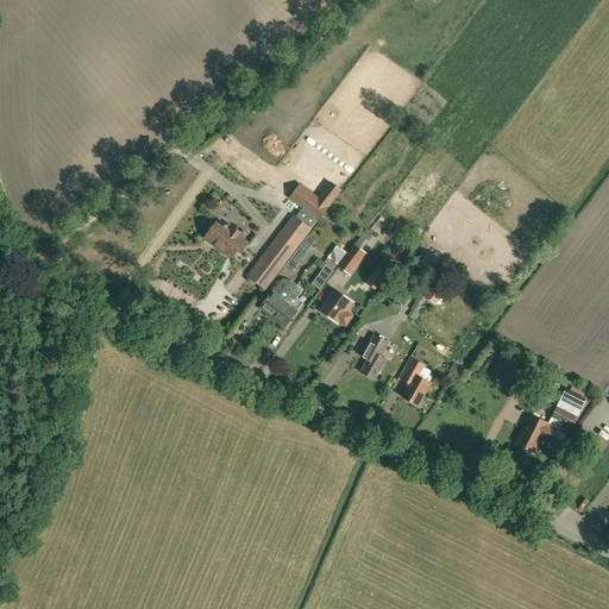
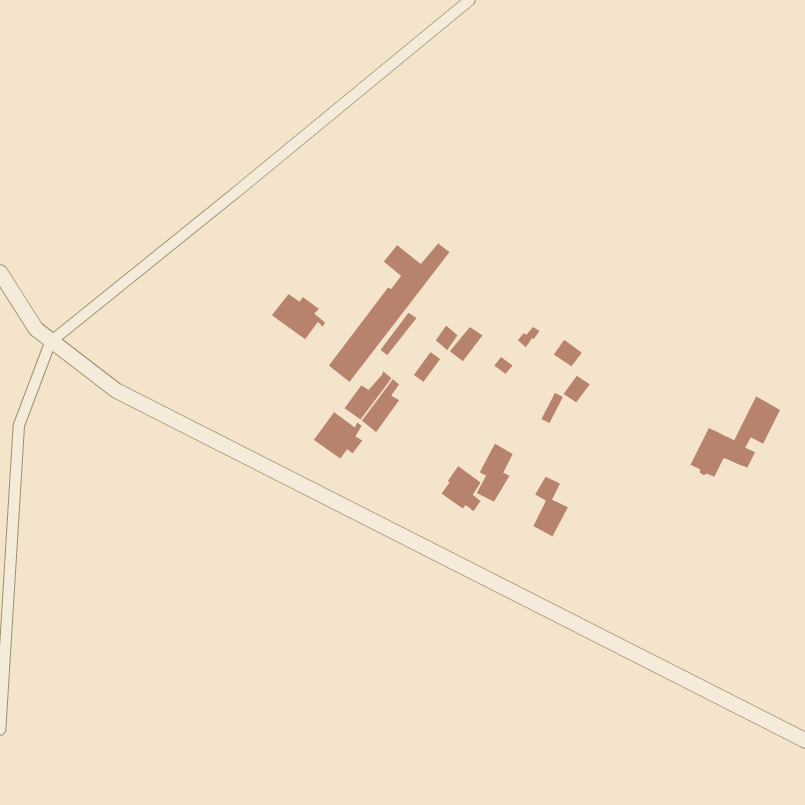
building: [320,289,351,325] -> [441,465,482,512]
building: none -> [313,411,363,459]
building: [515,390,584,452] -> [690,396,781,477]

